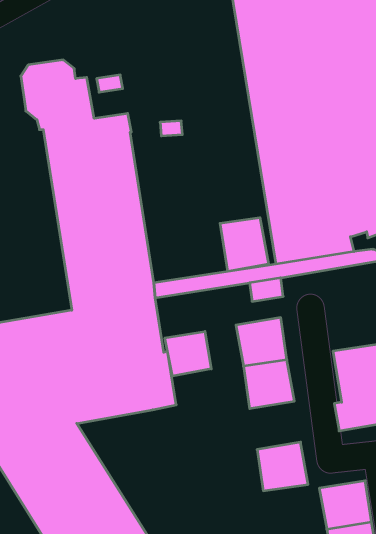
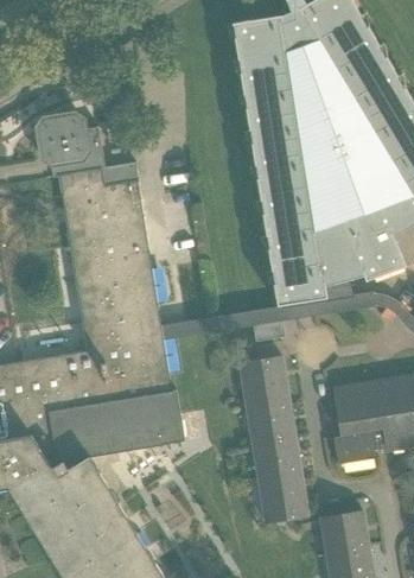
building: [220,218,268,271] -> none
building: [165,331,211,376] -> none
building: none -> [253,436,301,482]

